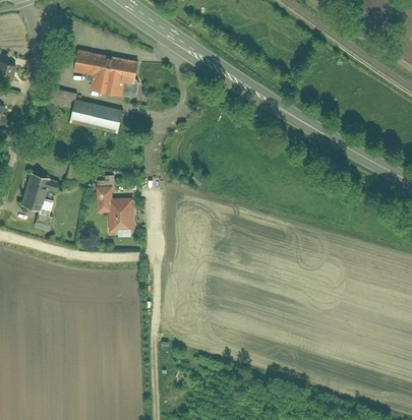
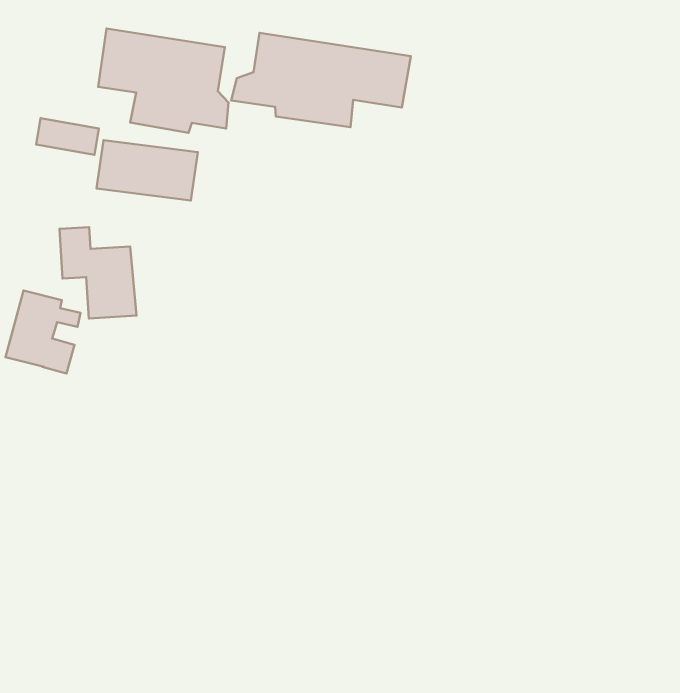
building: none -> [231,33,411,127]
building: [97,187,133,234] -> [59,227,137,319]

